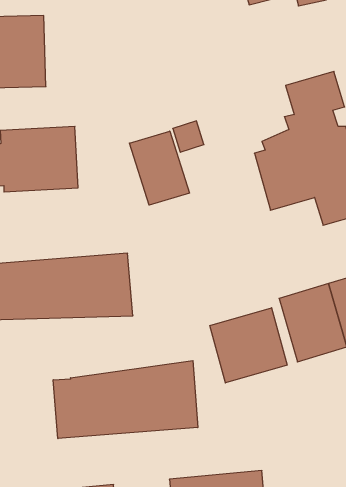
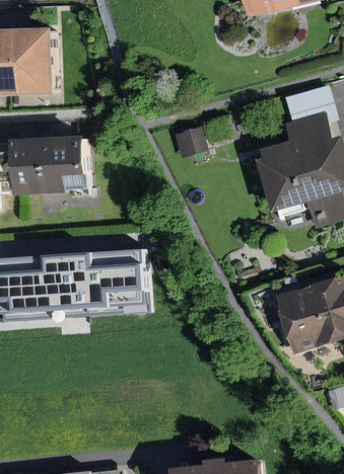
building: [129,131,189,205] -> none
building: [210,308,287,383] -> none
building: [53,361,198,439] -> none

